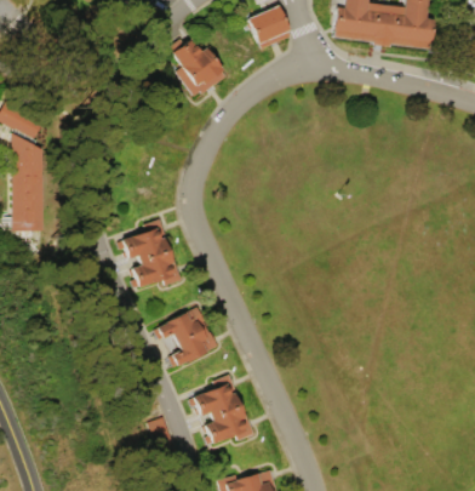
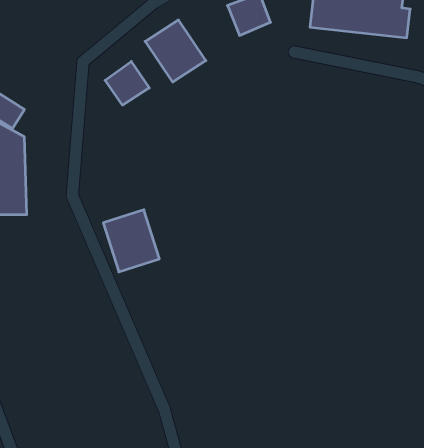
building: none -> [105,61,149,105]
building: [158,308,218,367] -> none
building: [194,381,252,444] -> none

